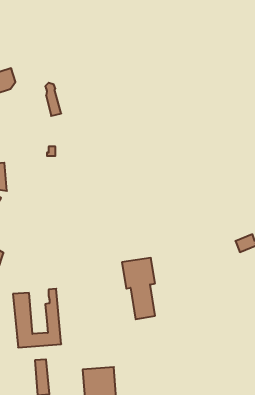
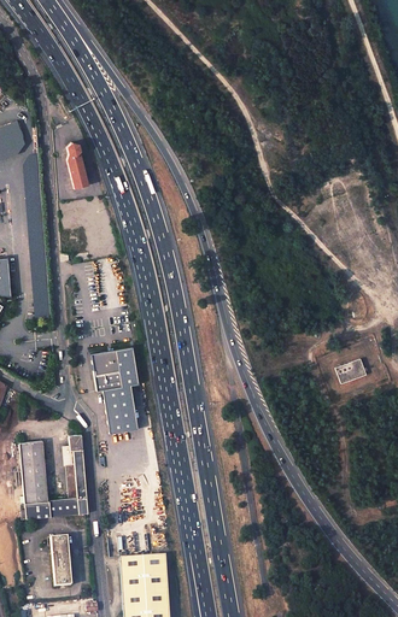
building: [122,258,155,319] -> [90,348,137,435]

